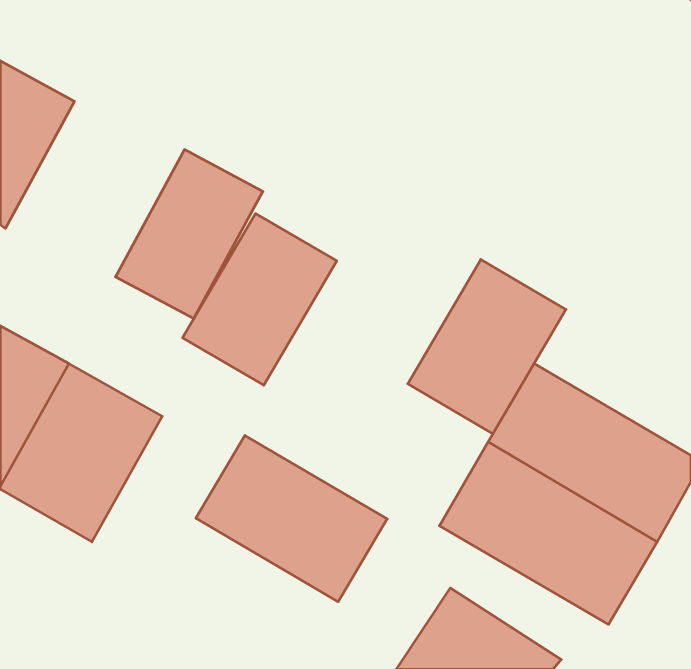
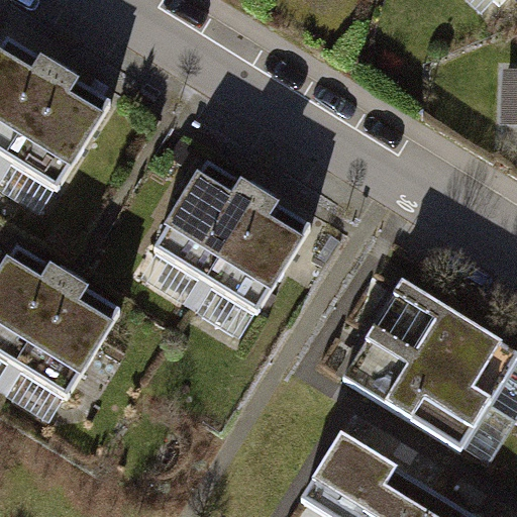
building: [115,150,263,319] -> [4,76,114,202]
building: [408,259,566,434] -> [197,195,315,325]
building: [196,435,387,602] -> none

